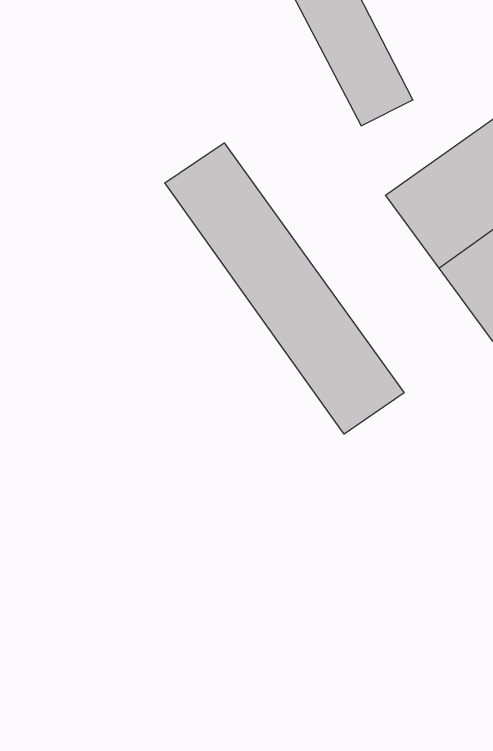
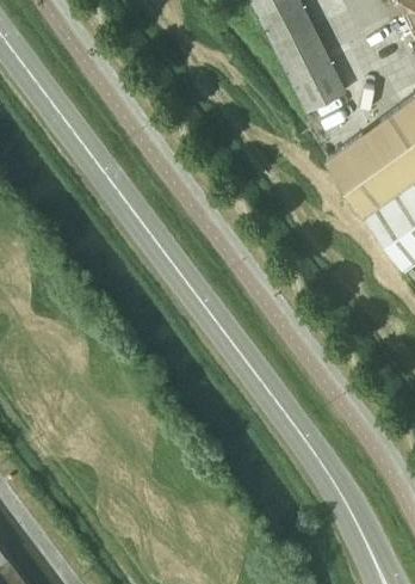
building: [165,143,404,434] -> none

